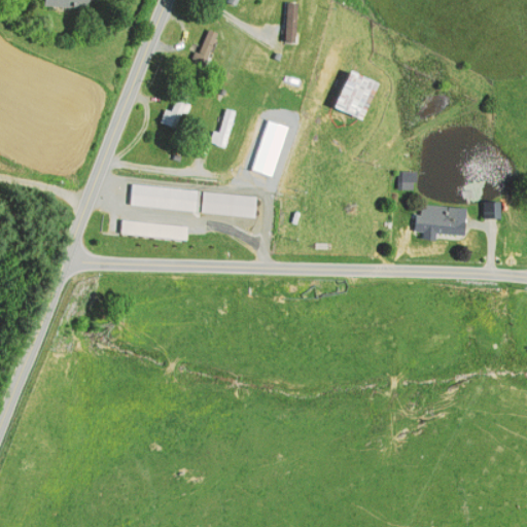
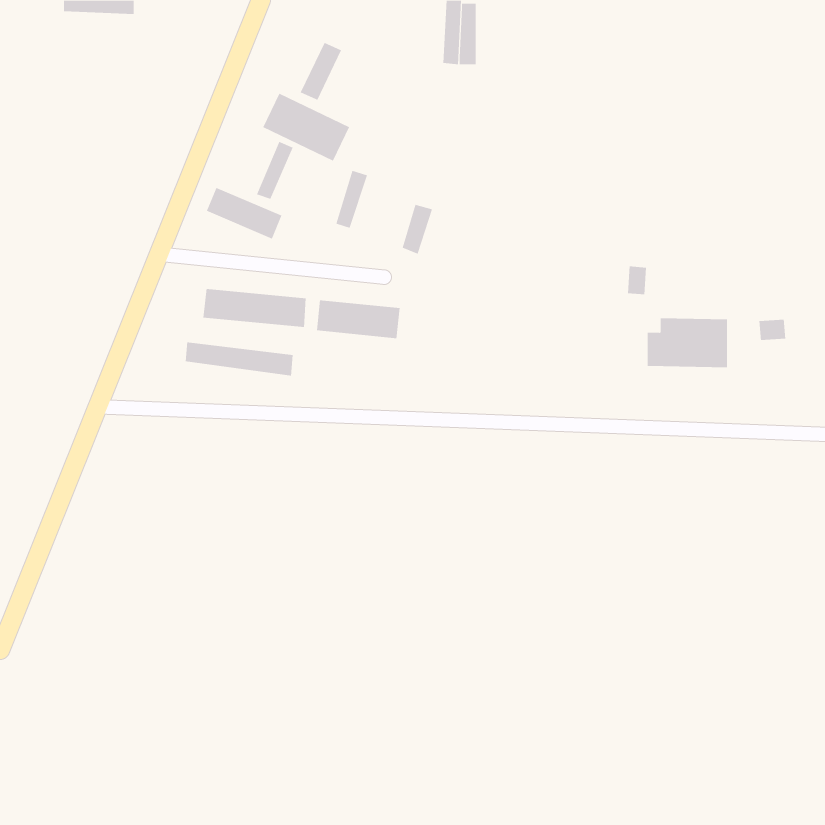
building: none -> [263,93,350,161]
building: [333,72,373,117] -> none
building: none -> [206,187,282,239]

